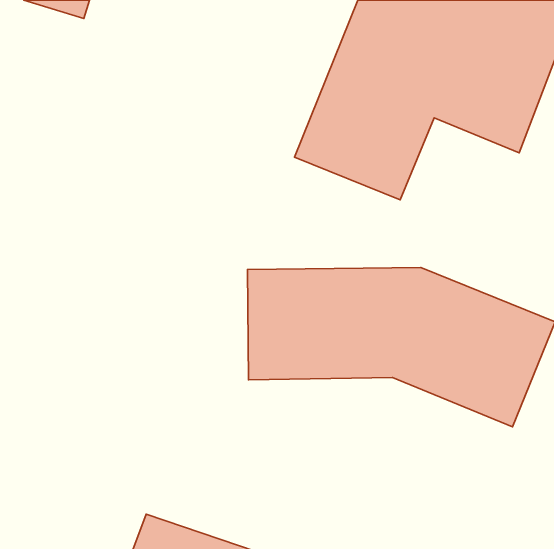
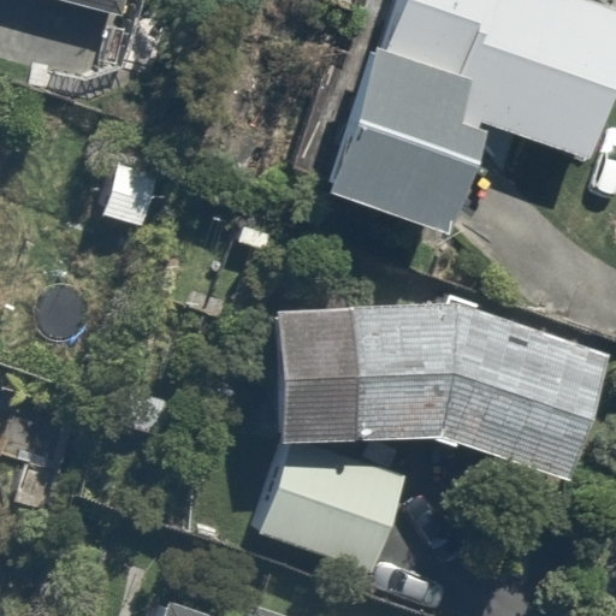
building: none -> [253,446,415,581]

